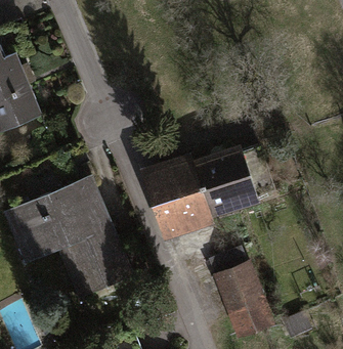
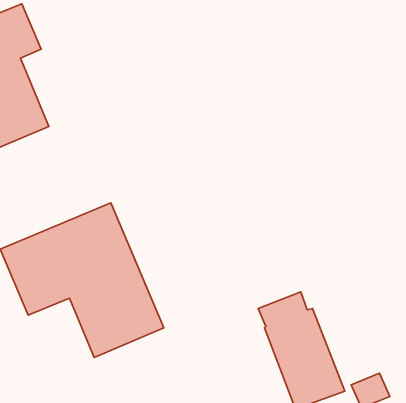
building: [141,144,275,242] -> none

